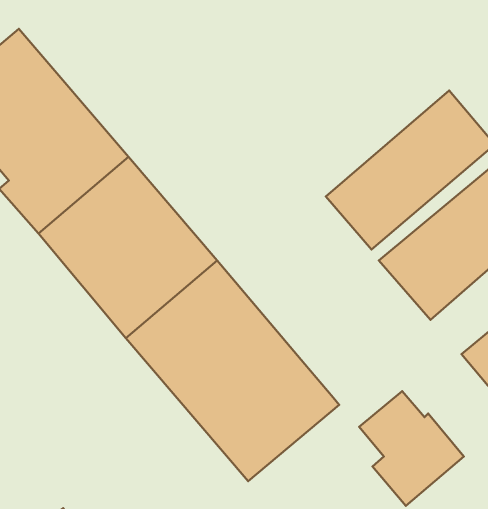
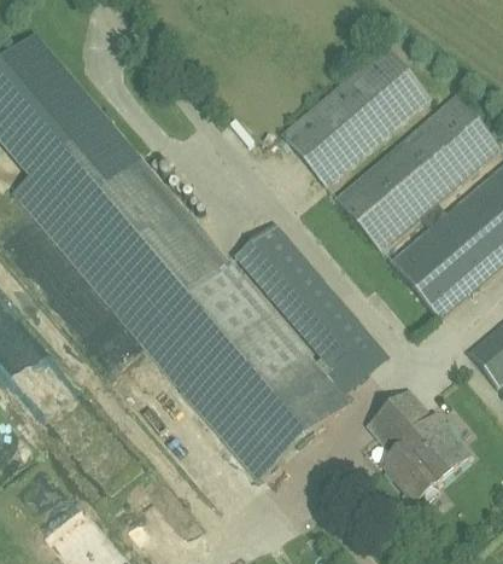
building: none -> [281,45,429,186]
building: none -> [242,222,388,395]

